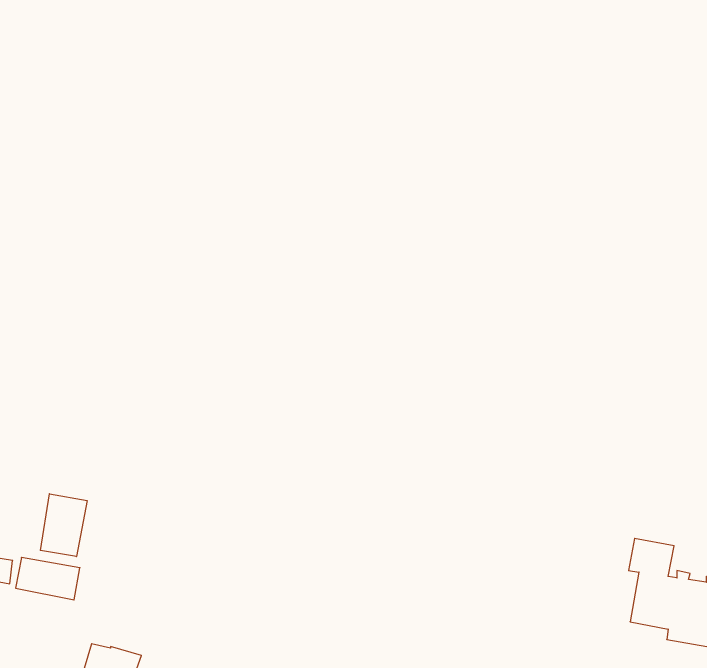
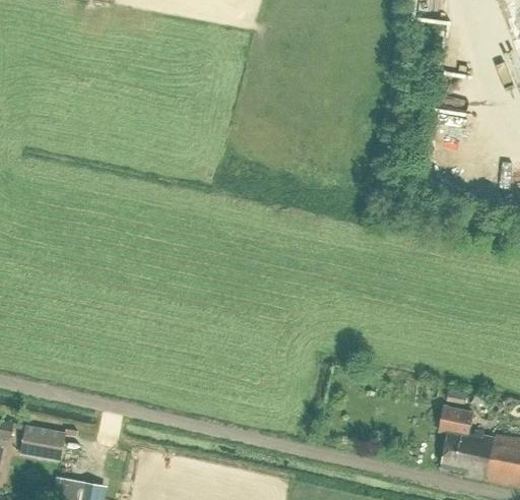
building: [40,494,87,557] -> none

